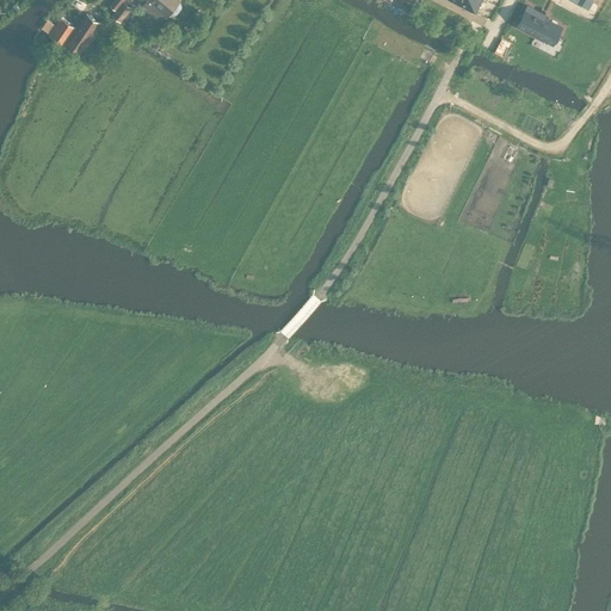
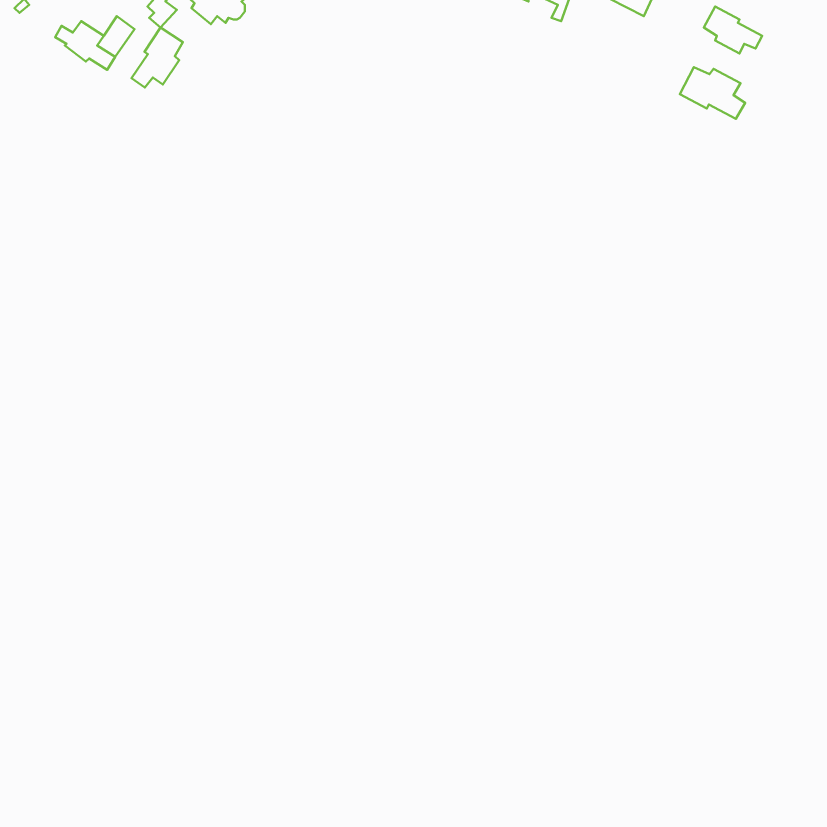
building: none -> [132,28,183,88]
building: none -> [680,67,745,119]

